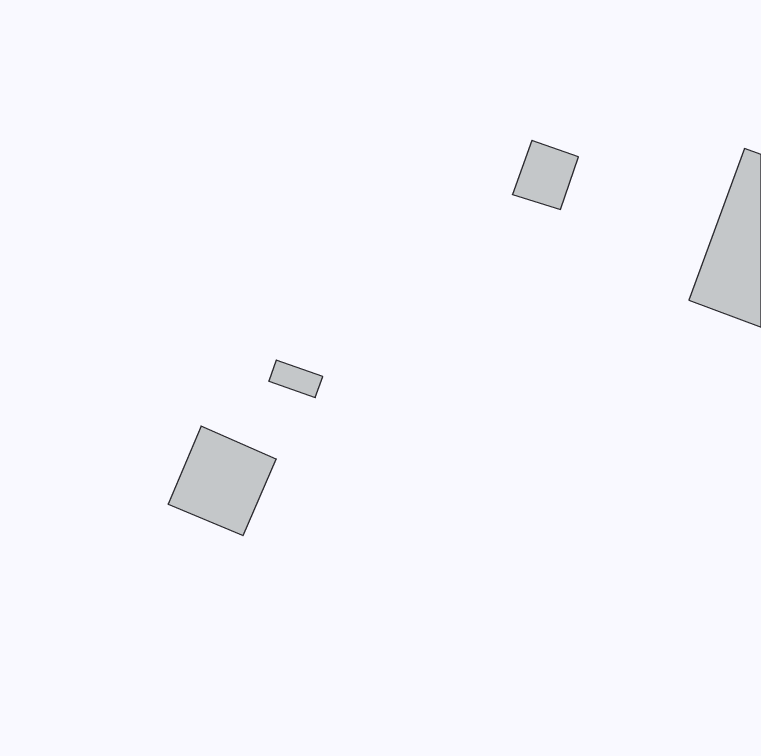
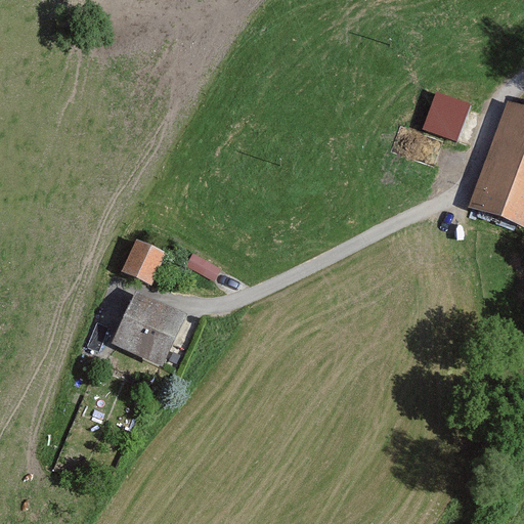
building: [512,140,578,209] -> [422,92,467,139]
building: none -> [124,239,166,283]

